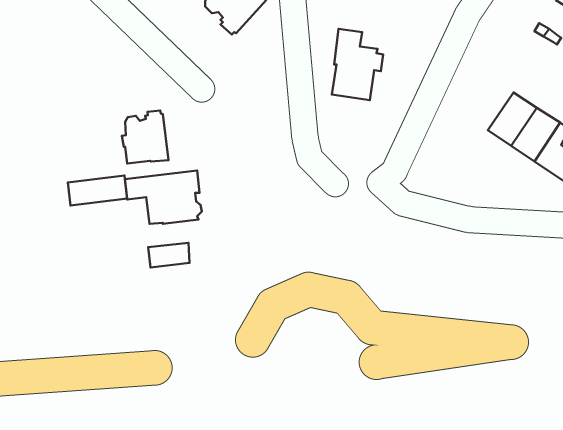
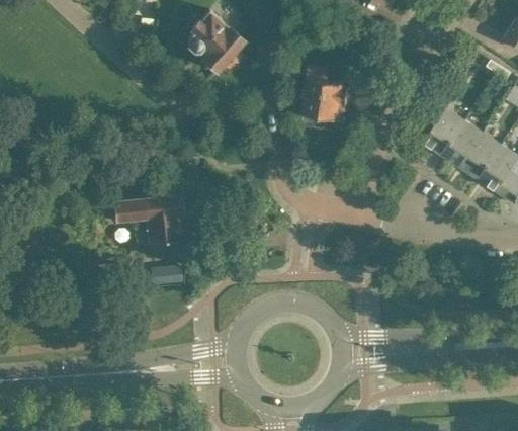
building: none -> [425,109,469,158]
building: [122,110,168,164] -> none
building: [68,175,127,206] -> none

